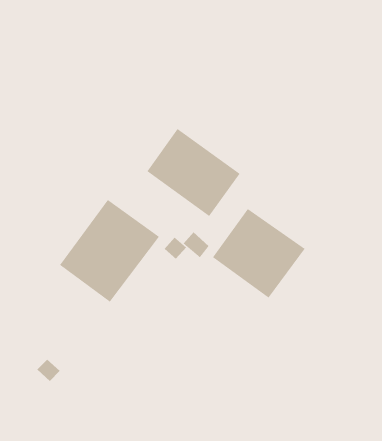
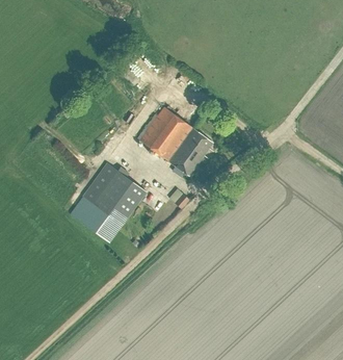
building: [212,208,305,298] -> none

